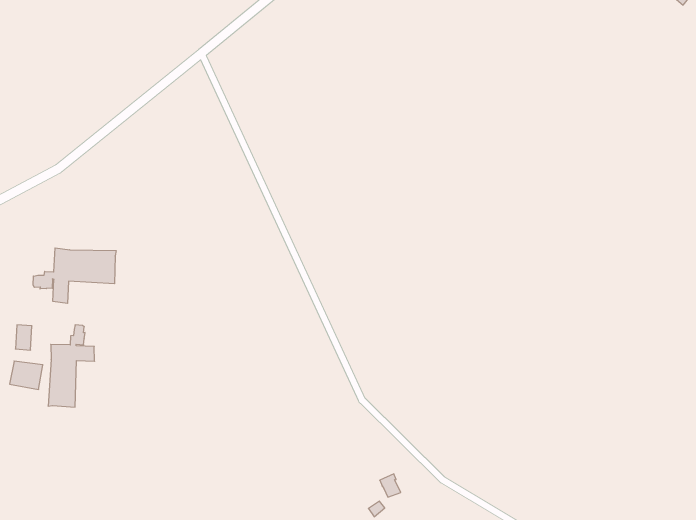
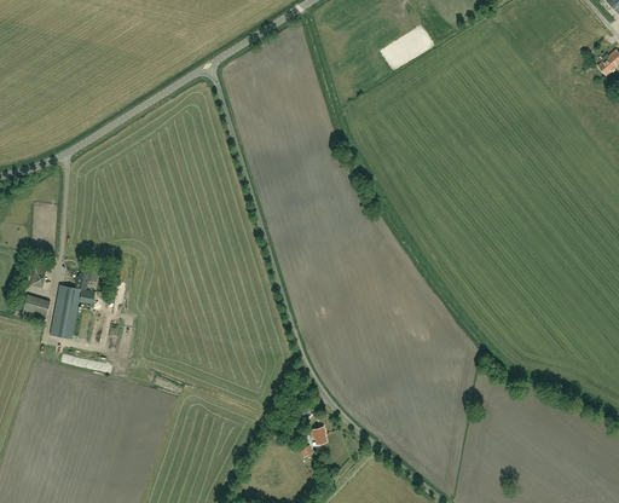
building: [33,248,116,303] -> none

